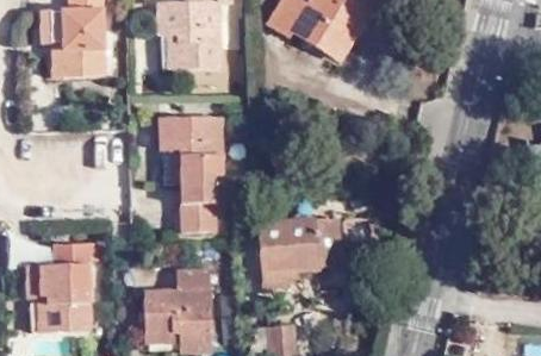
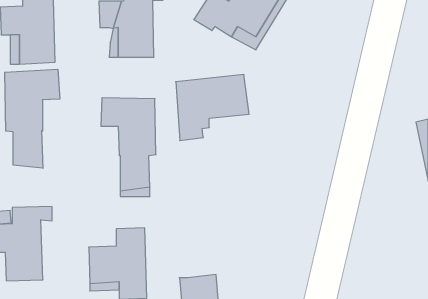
building: none -> [5,69,60,168]
building: [259,217,344,294] -> [176,75,249,141]

